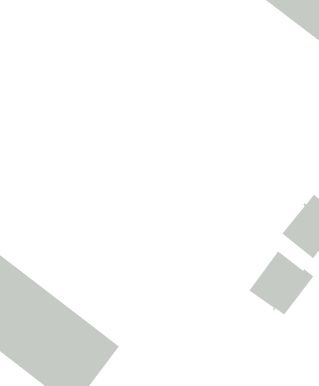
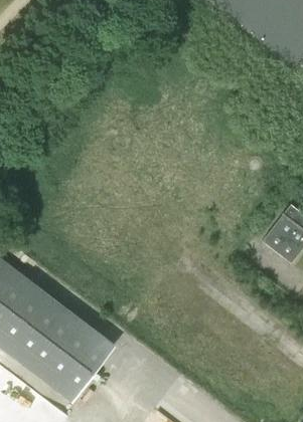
building: [249,250,314,316] -> none

